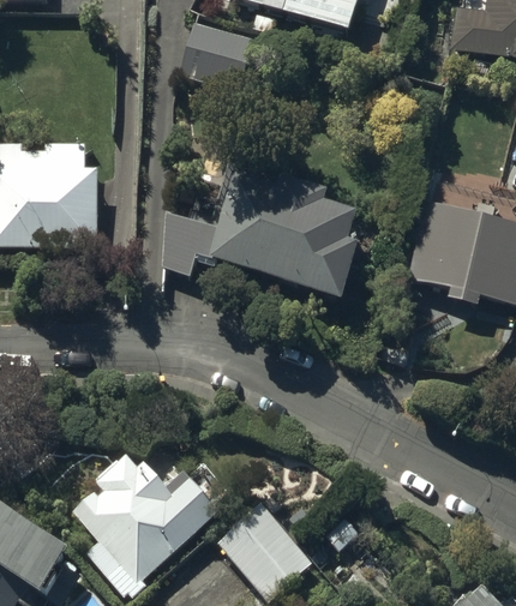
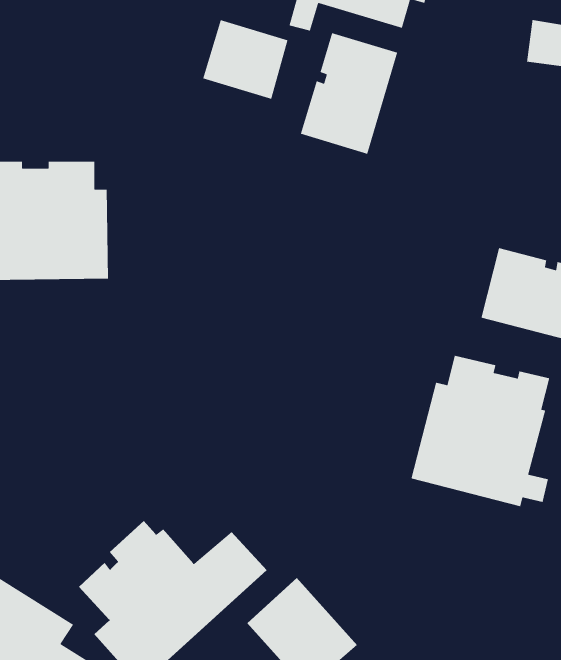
building: none -> [300,32,398,155]
building: [161,155,362,300] -> none
building: none -> [410,355,550,507]

